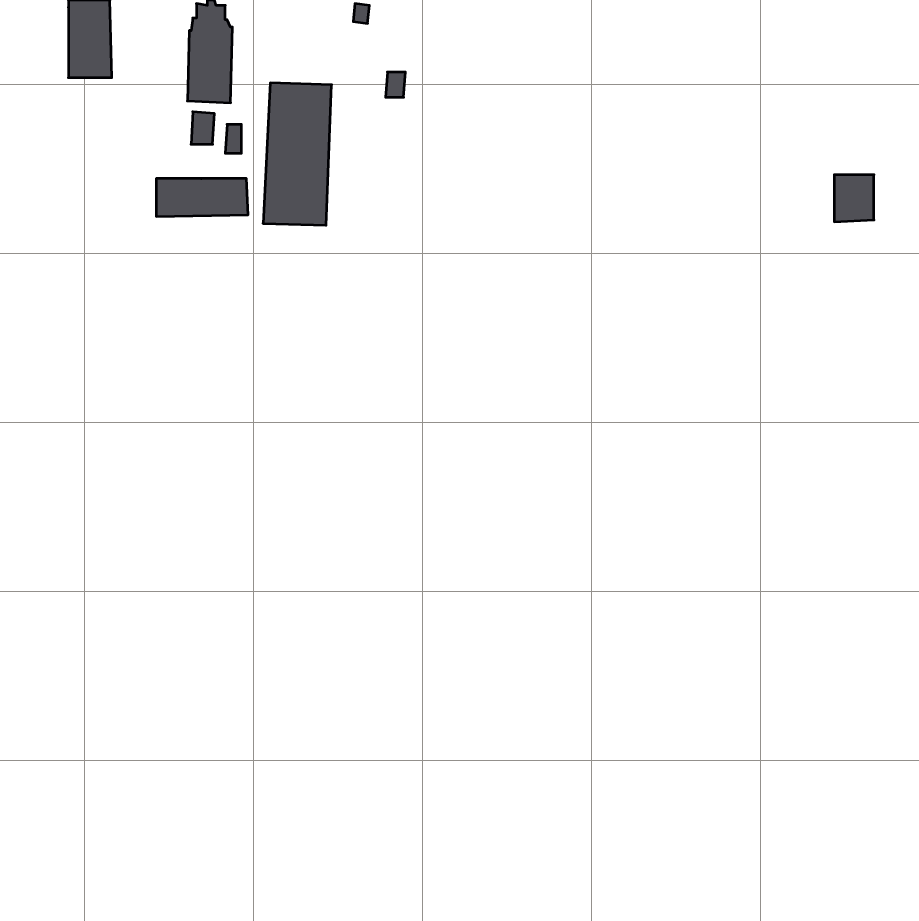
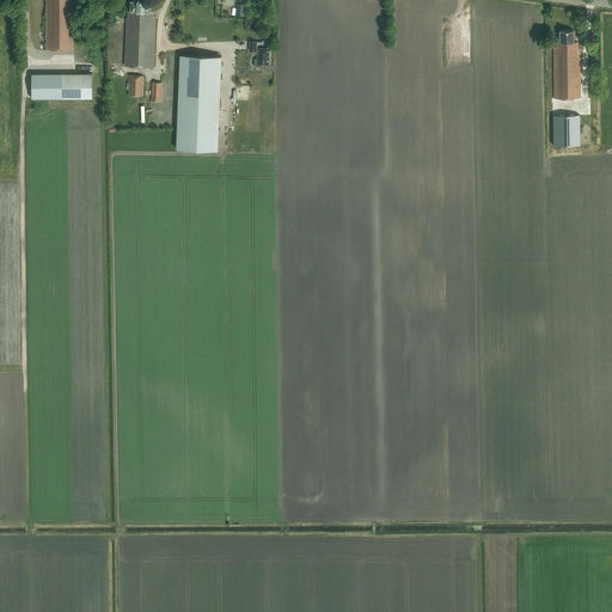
building: none -> [553,31,581,99]
building: [156,179,248,216] -> [31,75,92,100]

